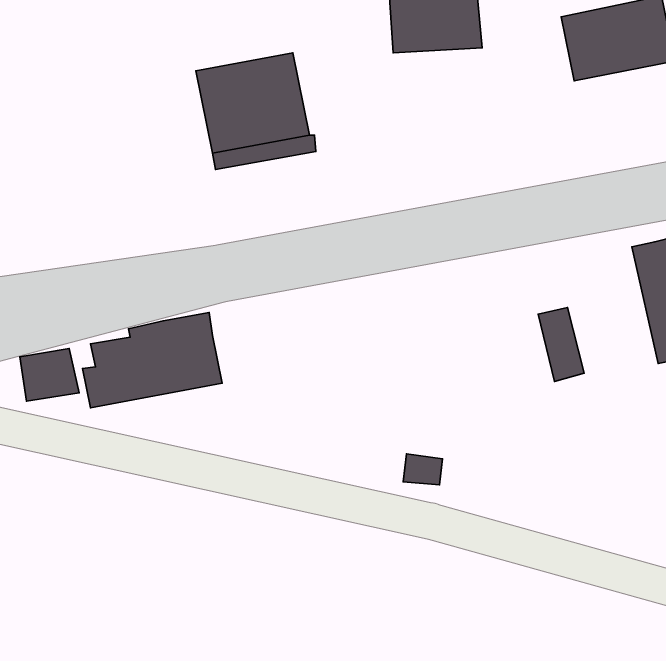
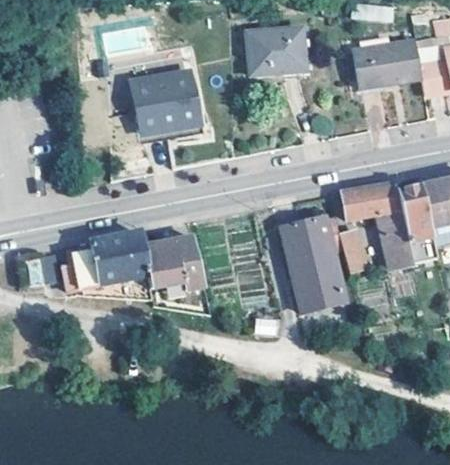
building: none -> [341,183,412,266]
building: none -> [281,216,344,312]
building: none -> [141,235,204,288]

